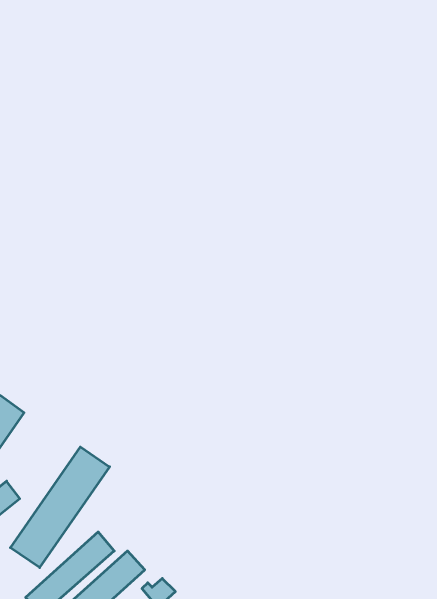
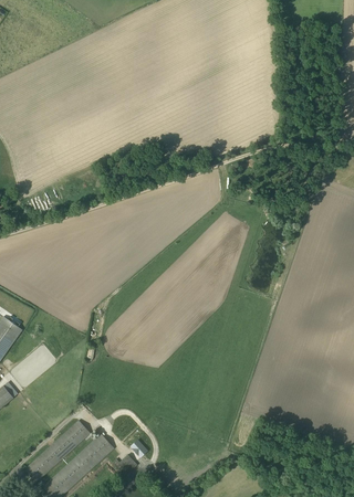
building: [10,447,110,568] -> none

